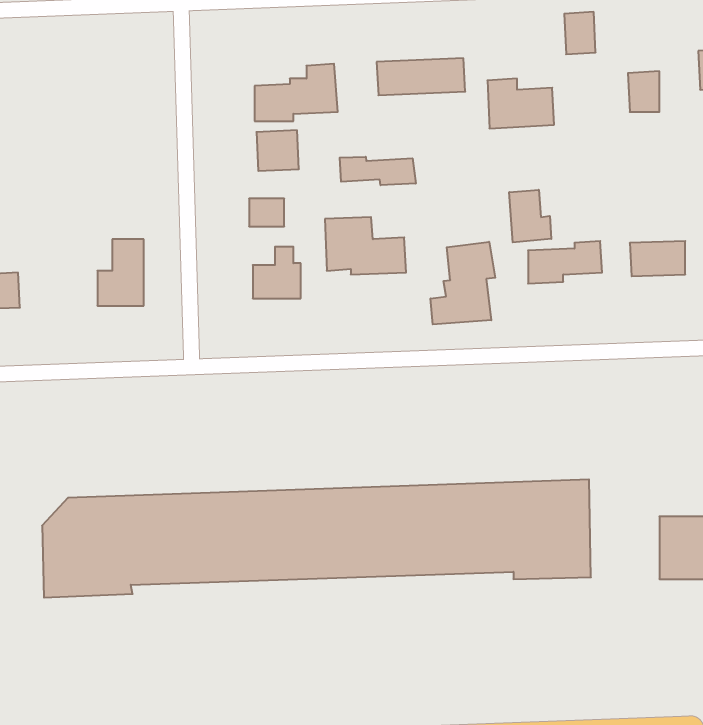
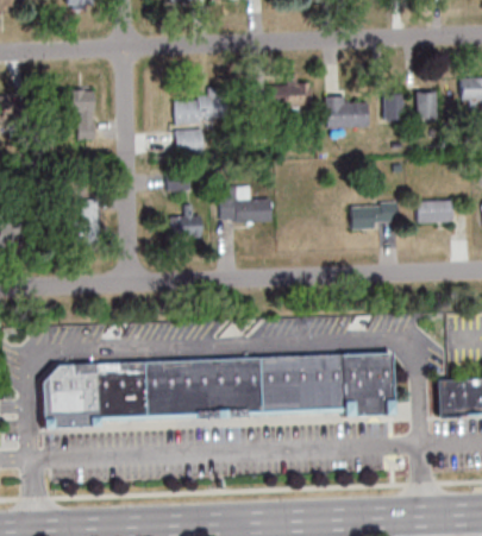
building: [564,12,596,54] -> [383,92,403,119]
building: none -> [74,89,100,139]
building: [340,157,416,185] -> none
building: [509,190,551,242] -> none
building: [431,242,495,324] -> none

